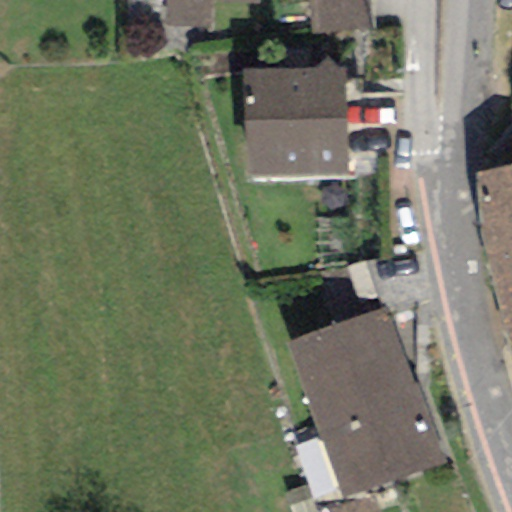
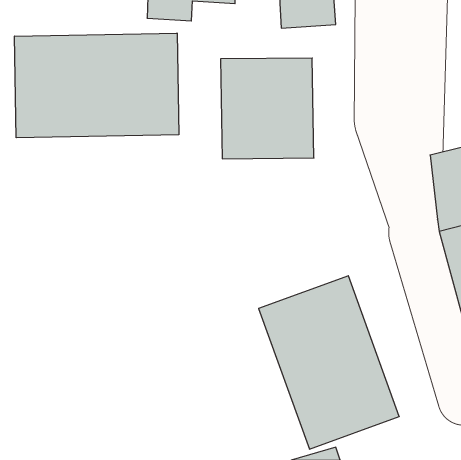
building: none -> [15,33,179,138]

